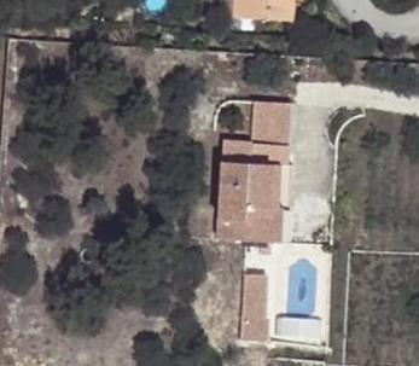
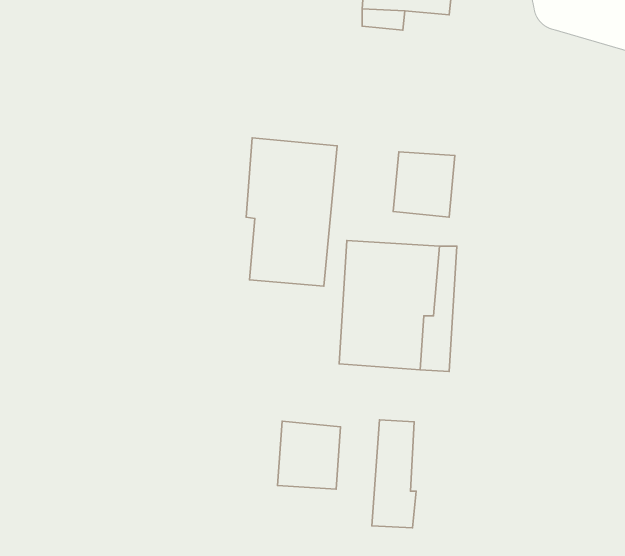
building: none -> [246,138,337,286]
building: none -> [277,421,341,489]

